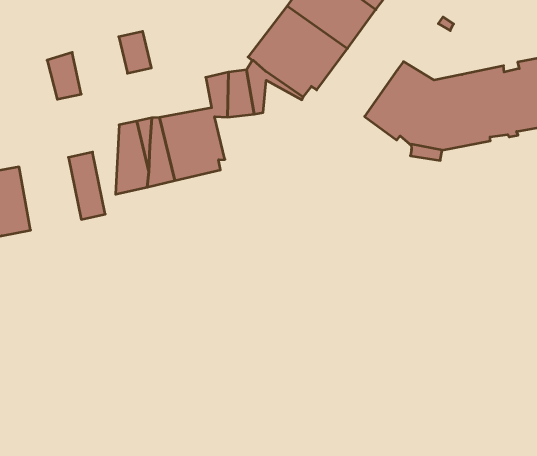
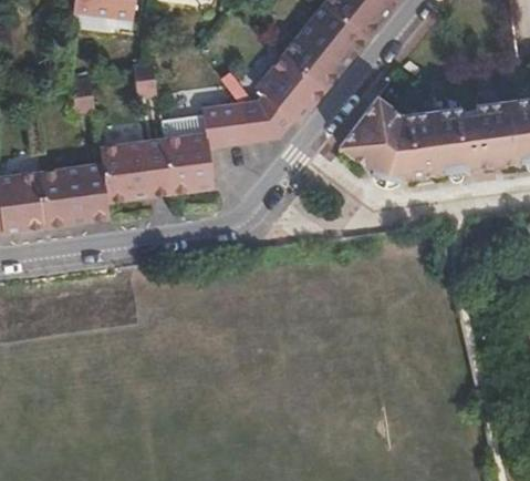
building: none -> [98,141,126,217]
building: none -> [38,166,89,227]

